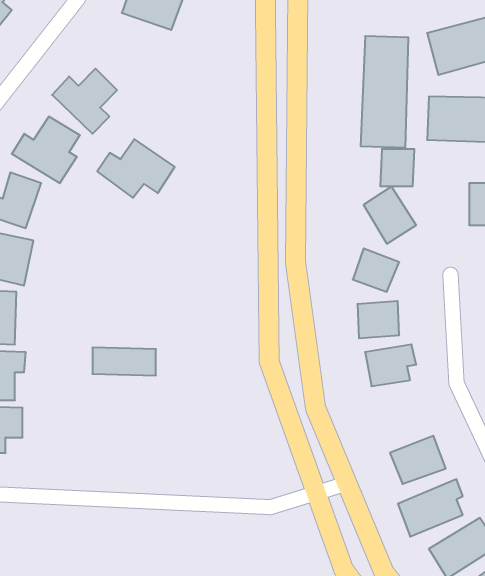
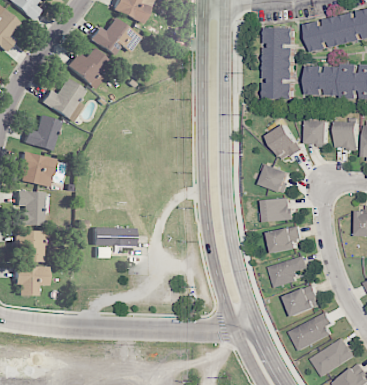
building: [97,139,175,198] -> [90,17,140,55]
building: [380,149,414,186] -> [306,120,328,144]
building: none -> [269,256,307,286]

